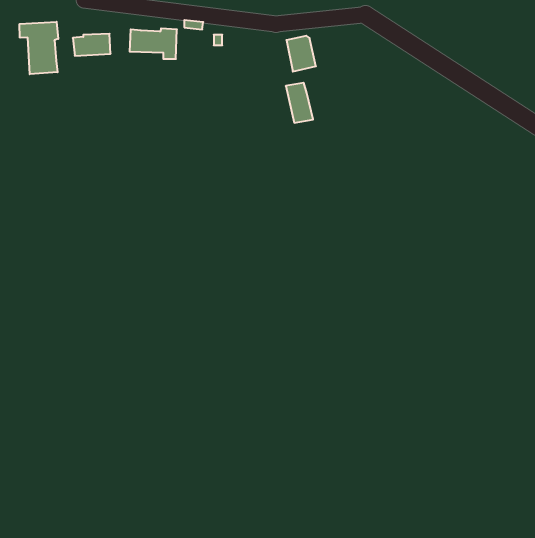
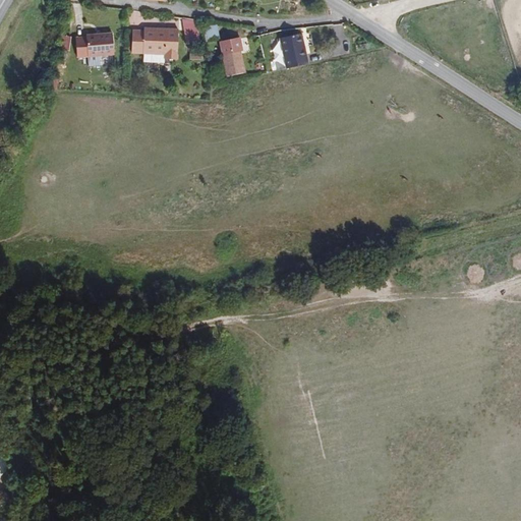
building: [20,22,58,74] -> none
building: [286,83,313,123] -> [221,40,247,78]

